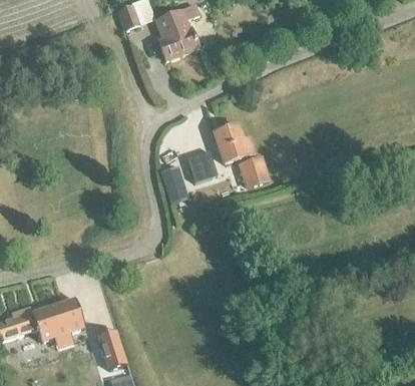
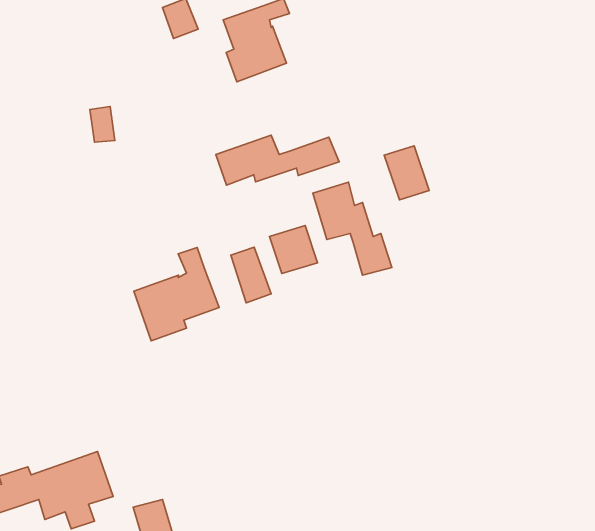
building: none -> [216,135,339,185]
building: none -> [384,146,429,200]
building: none -> [134,247,219,341]

